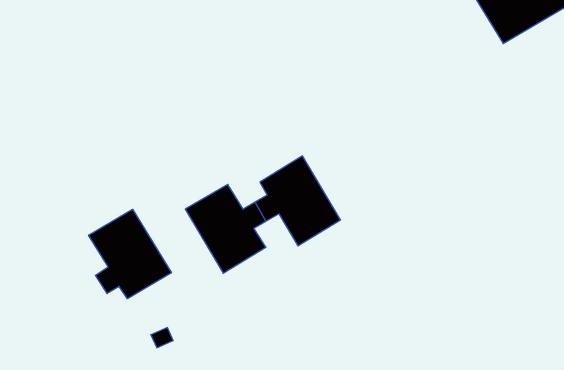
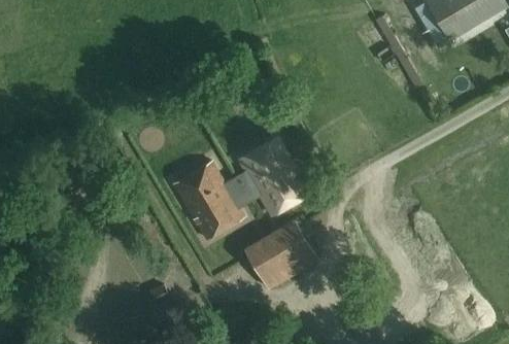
building: [89,209,171,299] -> none
building: none -> [246,223,317,288]

